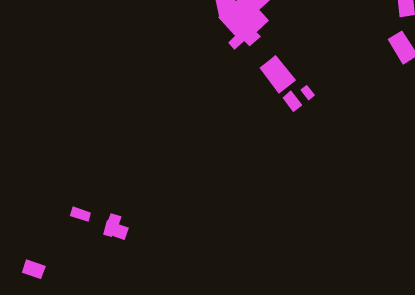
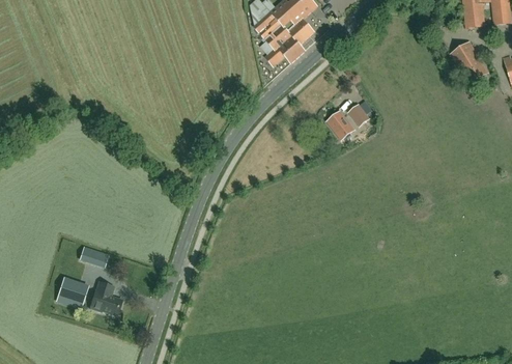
building: [258,54,297,95] -> none
building: [102,212,130,241] -> [90,281,122,314]
building: [21,259,47,280] -> [57,282,87,307]

